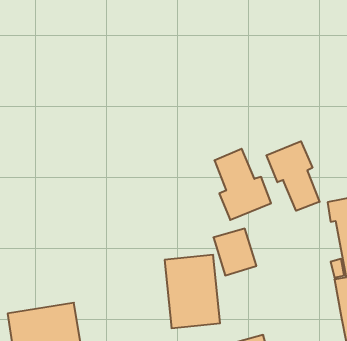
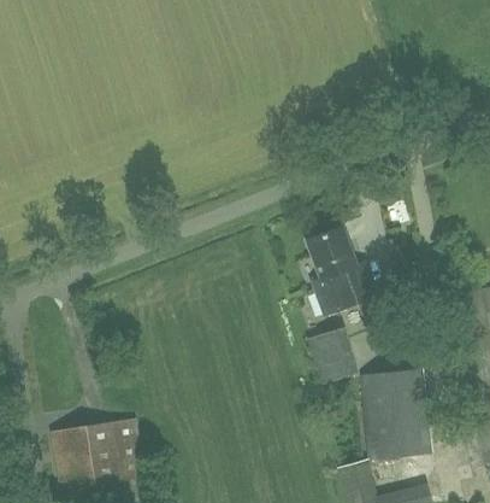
building: [266,141,320,211] -> none
building: [165,255,220,328] -> [361,369,430,460]

